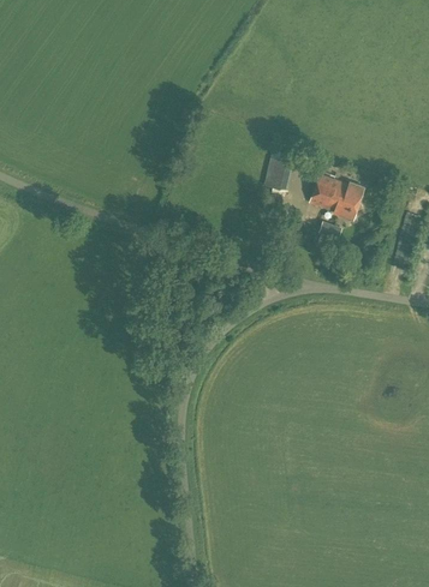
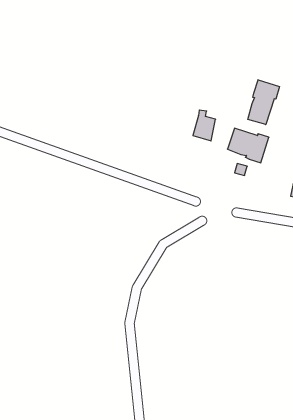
building: none -> [248,80,280,125]

